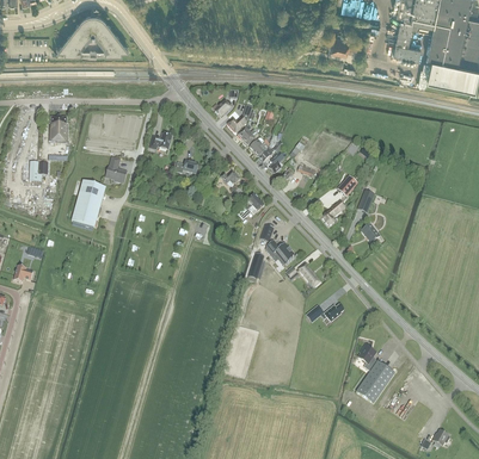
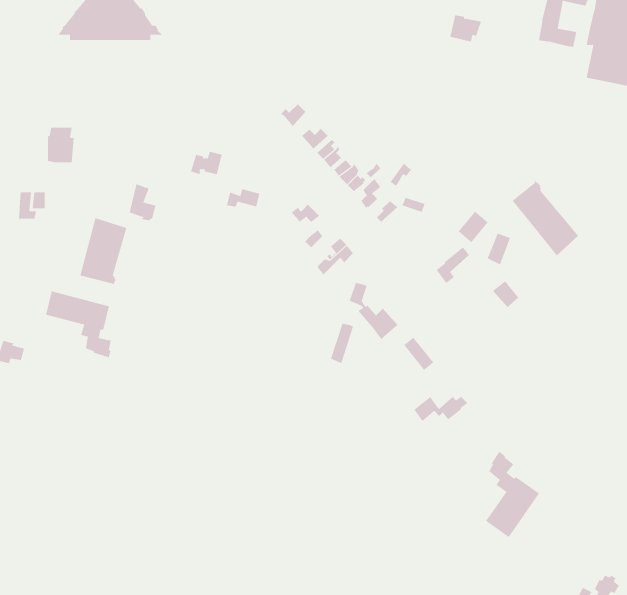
building: none -> [512,180,579,256]
building: none -> [45,290,111,358]

